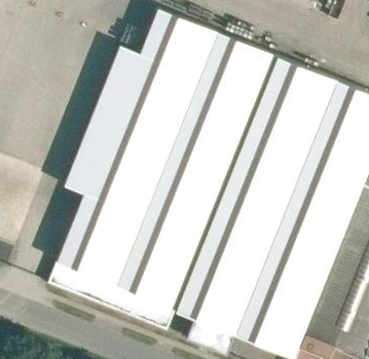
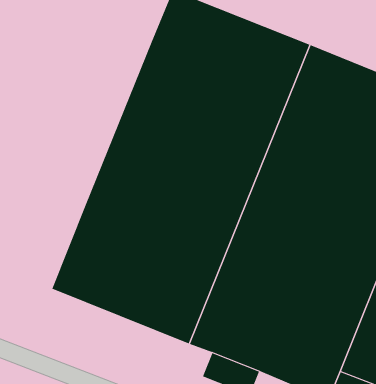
building: [65,44,141,192] -> none
building: [47,264,174,332] -> none

